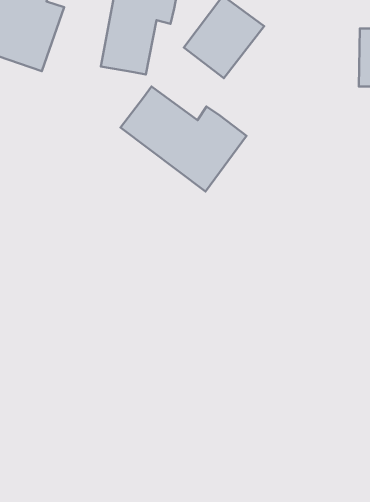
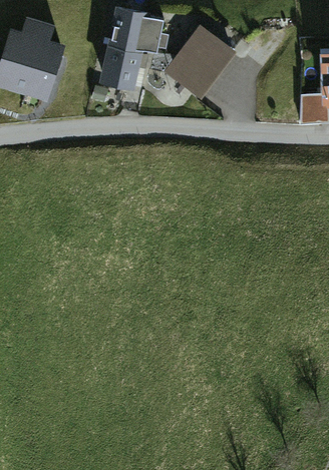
building: [121,87,247,191] -> none

